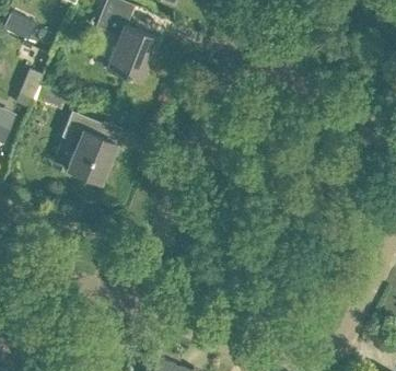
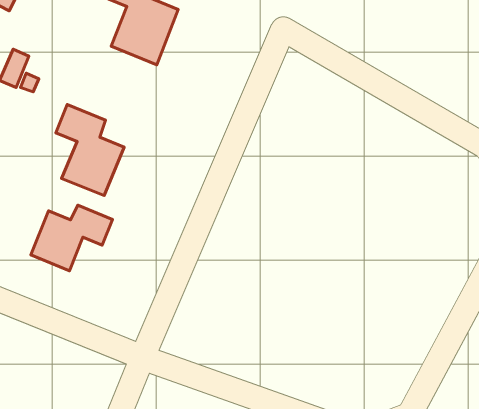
building: none -> [31,205,113,271]

